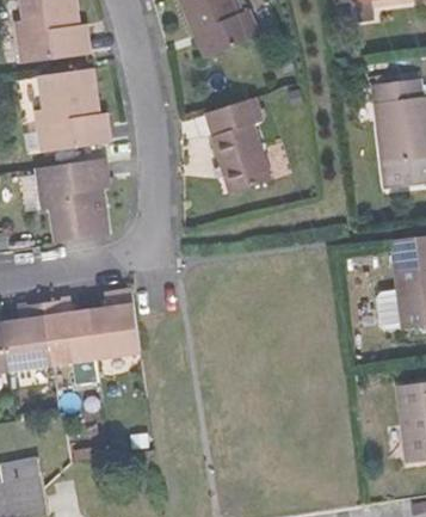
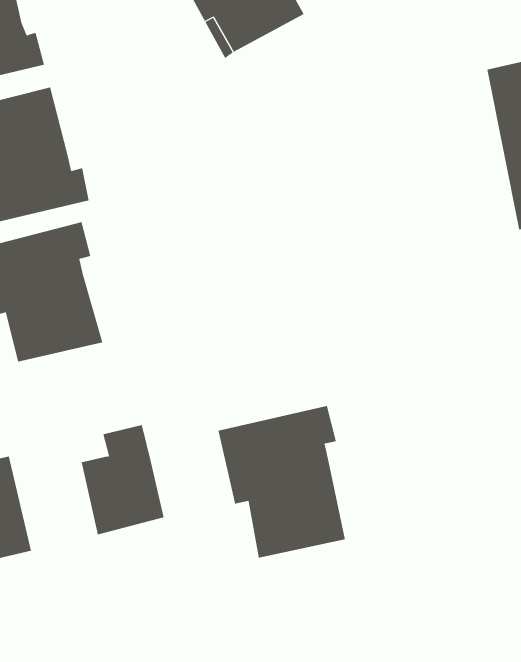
building: [205,98,270,195] -> none
building: none -> [218,405,346,558]
building: [43,298,97,381] -> none

